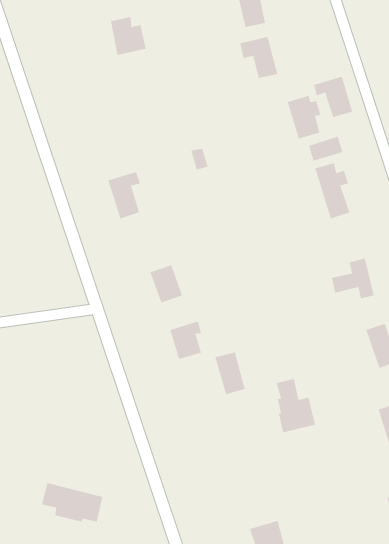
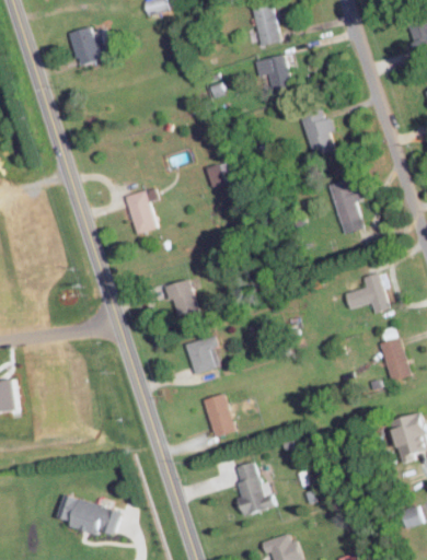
building: [110,17,147,55] -> [69,26,105,65]
building: [314,76,353,118] -> none
building: [309,136,343,162] -> none
building: [214,352,245,395] -> [204,394,234,436]
building: [276,378,316,433] -> [235,462,275,515]

